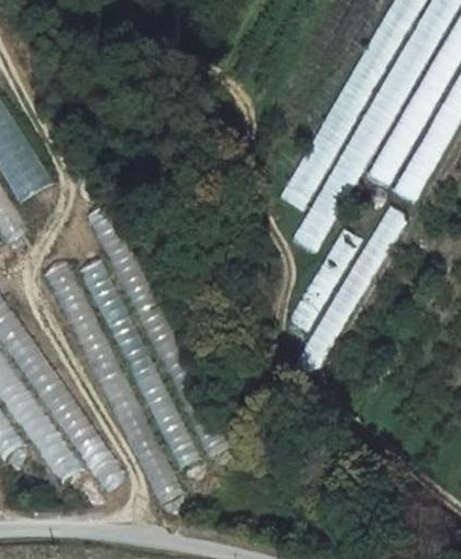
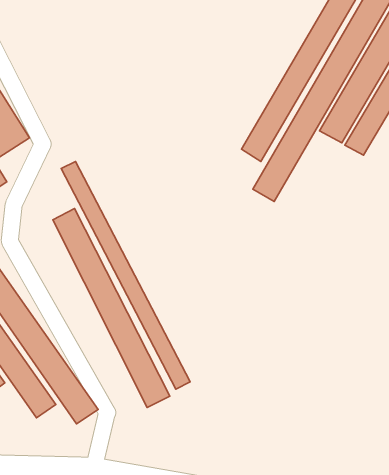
building: [296,205,410,374] -> none
building: [285,227,363,333] -> none
building: [44,264,184,504] -> none

